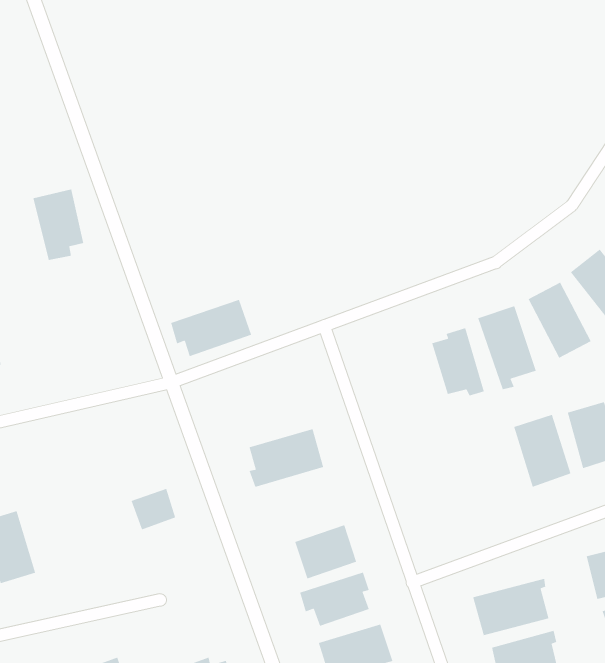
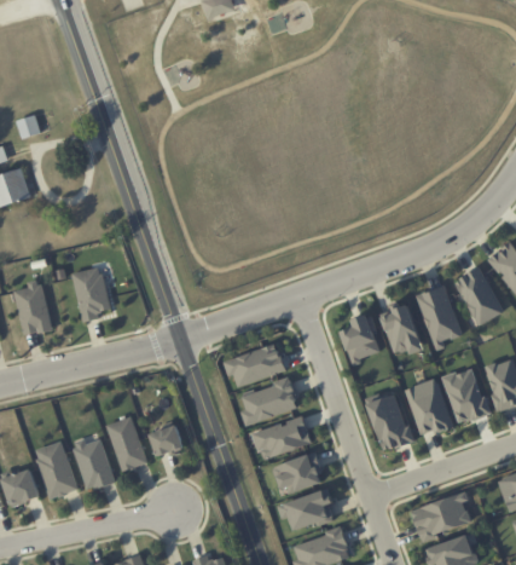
building: [32,188,84,261] -> [70,266,110,322]
building: [170,299,252,357] -> [222,342,285,387]
building: none -> [341,313,379,363]
building: none -> [404,377,452,434]
building: none -> [365,390,411,451]
building: none -> [105,416,146,471]
building: none -> [253,416,311,460]
building: none -> [71,439,114,490]

